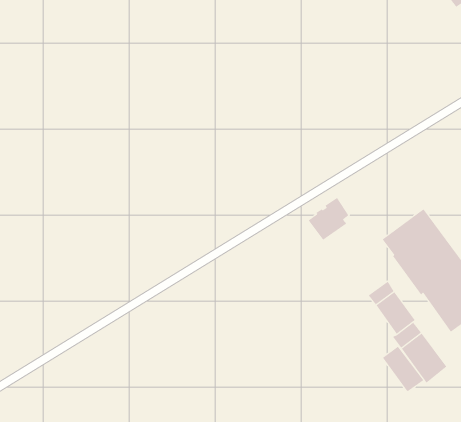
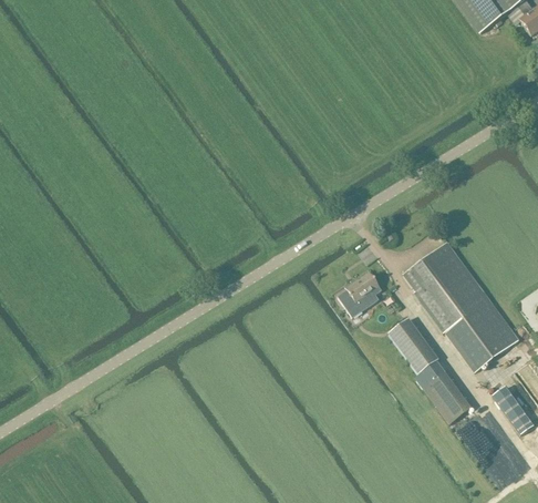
building: [308,197,349,241] -> [338,270,381,316]
building: [382,346,424,392] -> none

